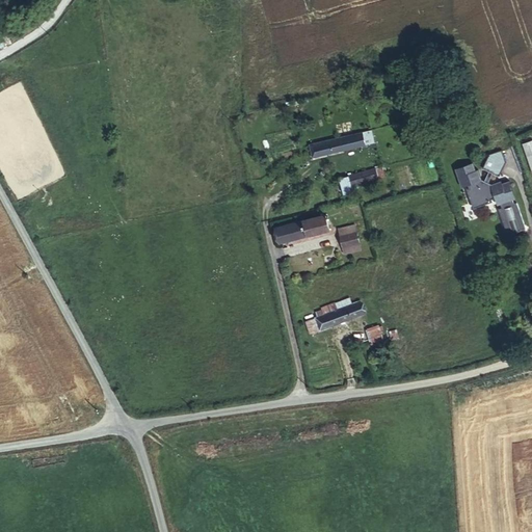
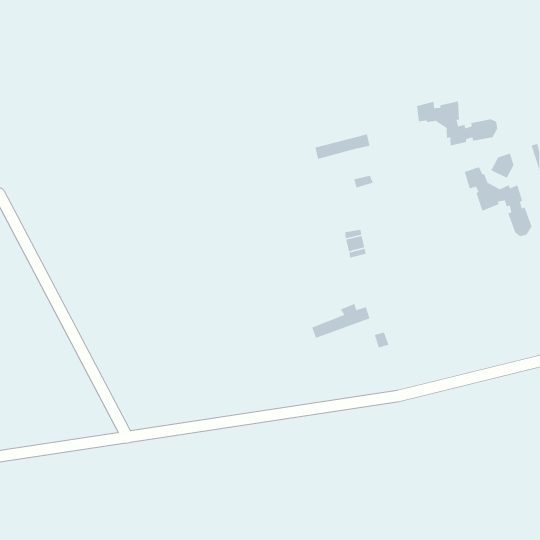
building: none -> [416,100,498,146]
building: [274,215,327,243] -> none

